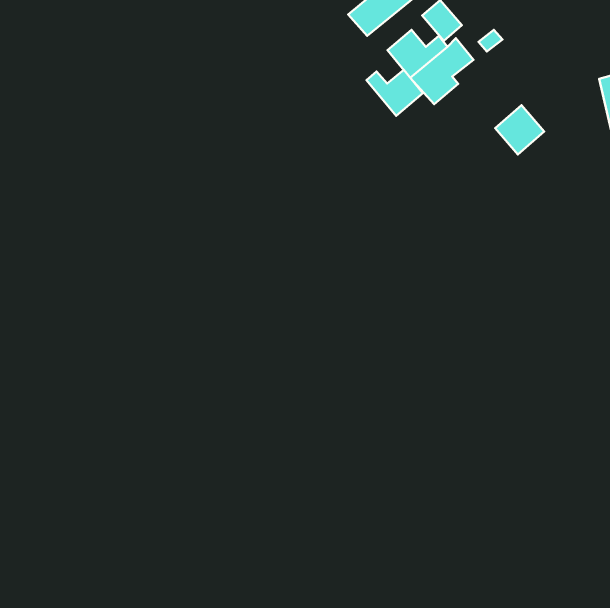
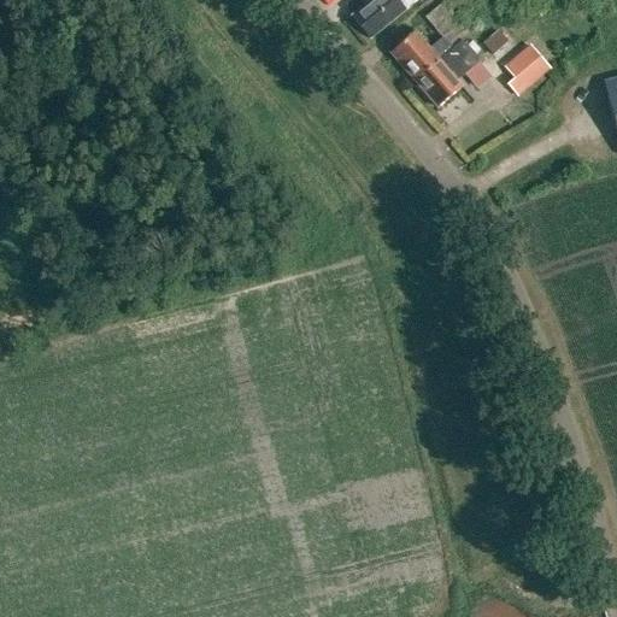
building: [367,70,423,116] -> none
building: [495,105,544,154] -> [500,39,550,88]

